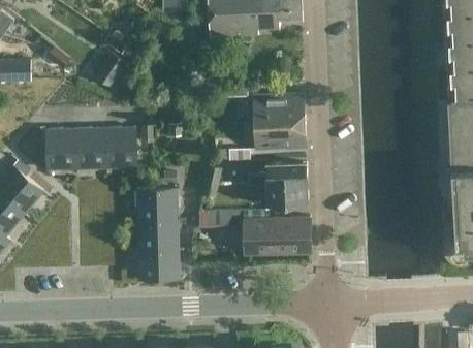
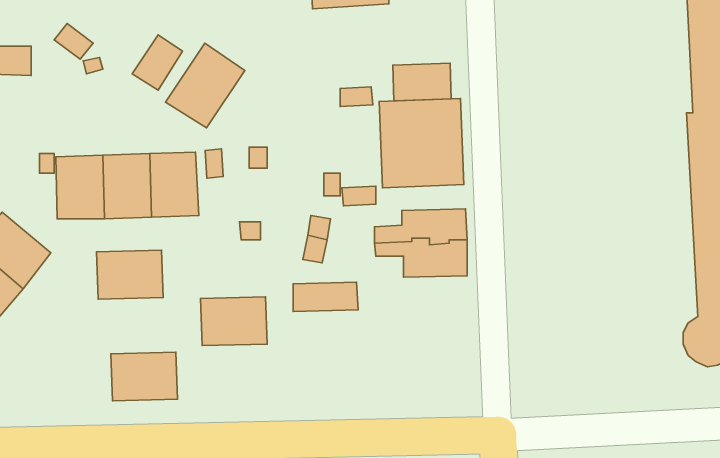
building: none -> [166,43,245,128]
building: none -> [393,63,451,101]
building: [137,190,180,221] -> [97,250,163,299]
building: [244,211,311,254] -> none
building: [139,250,182,281] -> [111,352,177,401]

